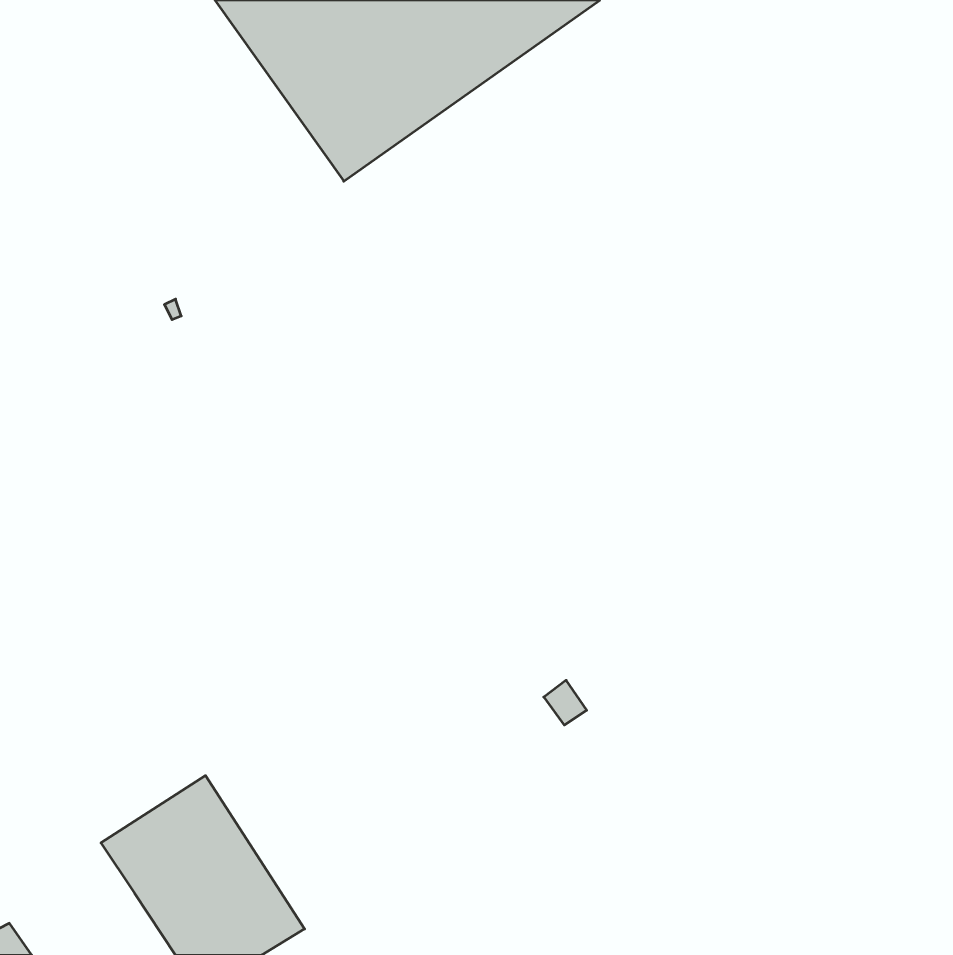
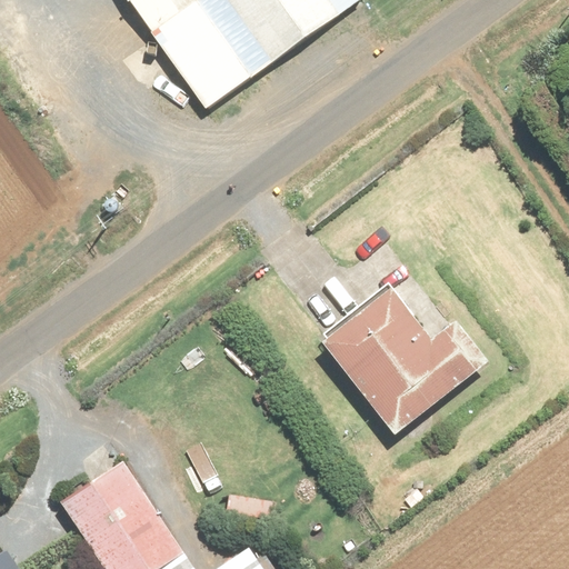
building: none -> [322,289,488,435]

